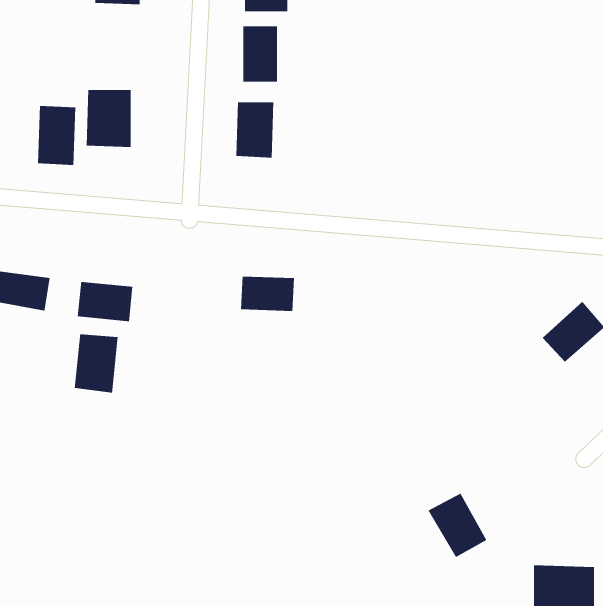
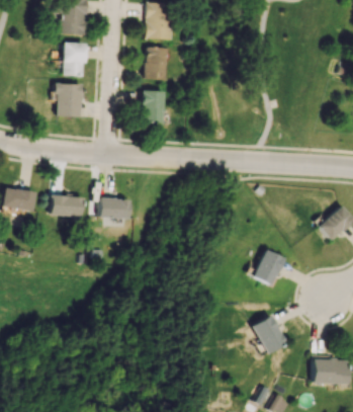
building: [37,106,76,165] -> [63,43,85,77]
building: [240,276,295,311] -> [99,198,130,219]
building: [74,333,118,393] -> none
building: none -> [253,250,284,286]

